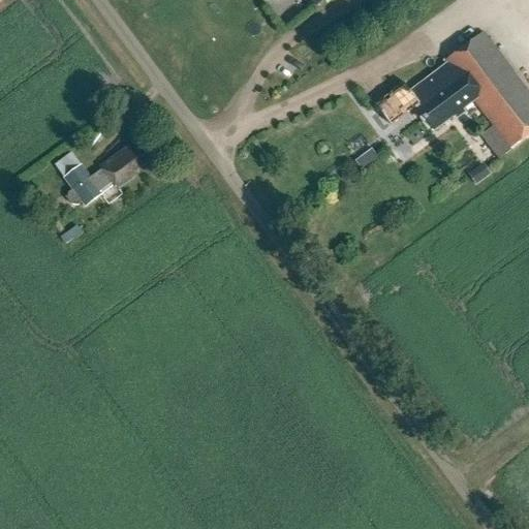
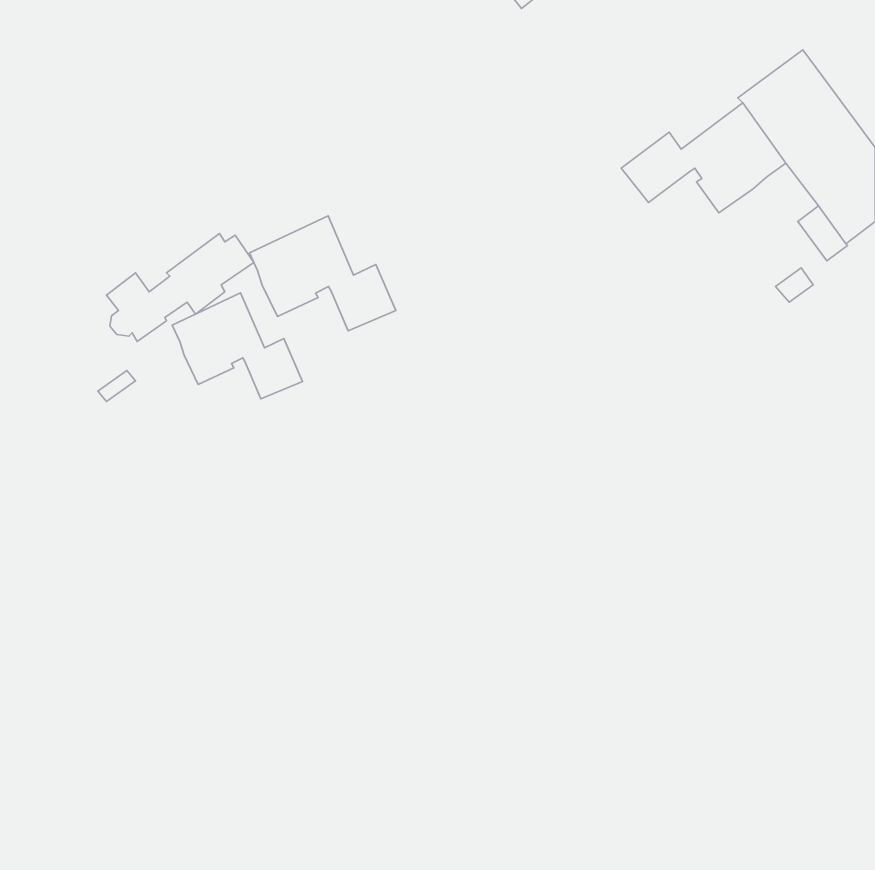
building: none -> [249,216,396,331]
building: none -> [172,293,302,399]

